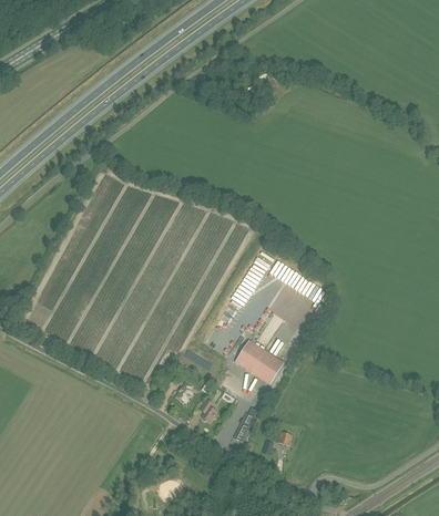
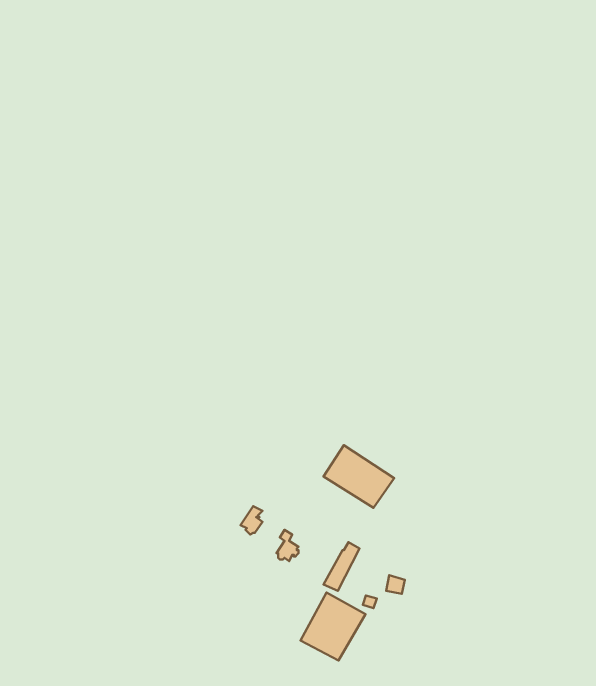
building: none -> [300,593,365,660]

